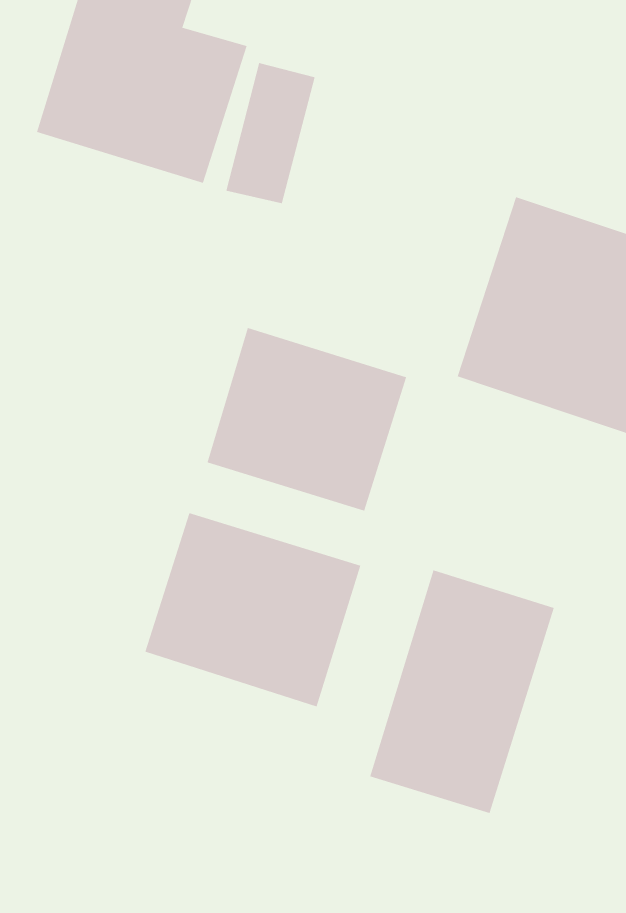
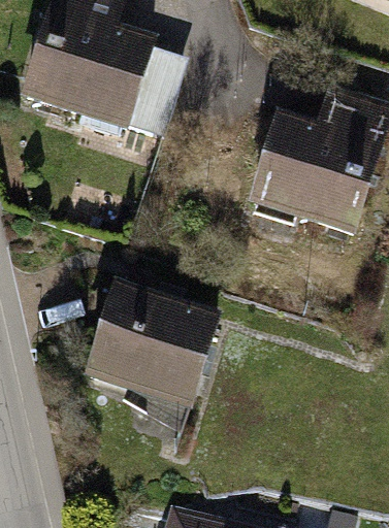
building: [207,327,407,511] -> none
building: [370,570,555,814] -> none

